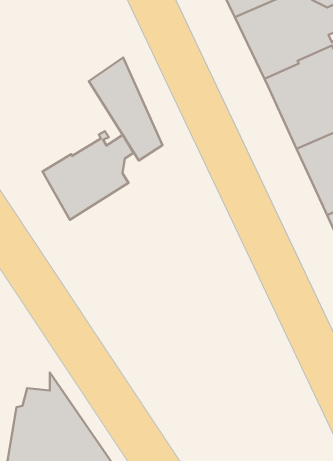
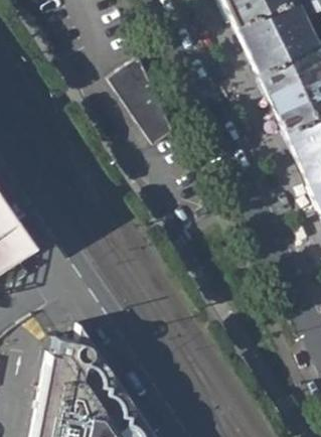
building: [42,131,134,220] -> none

